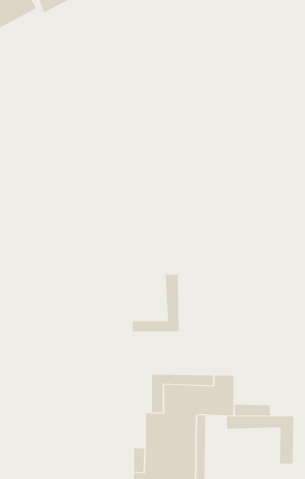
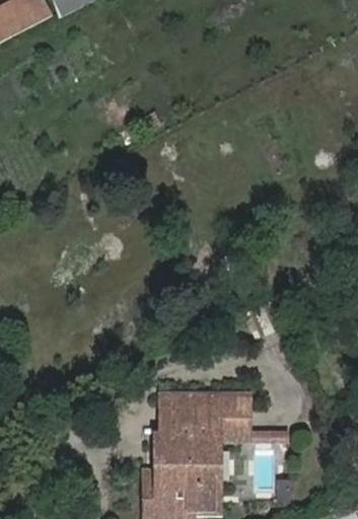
building: [132,274,179,332] -> none
building: [226,416,294,465] -> none

